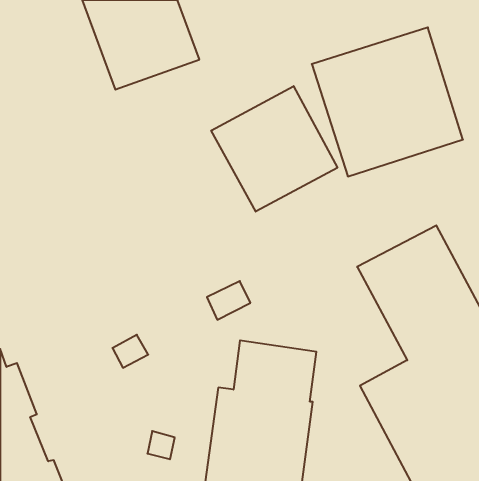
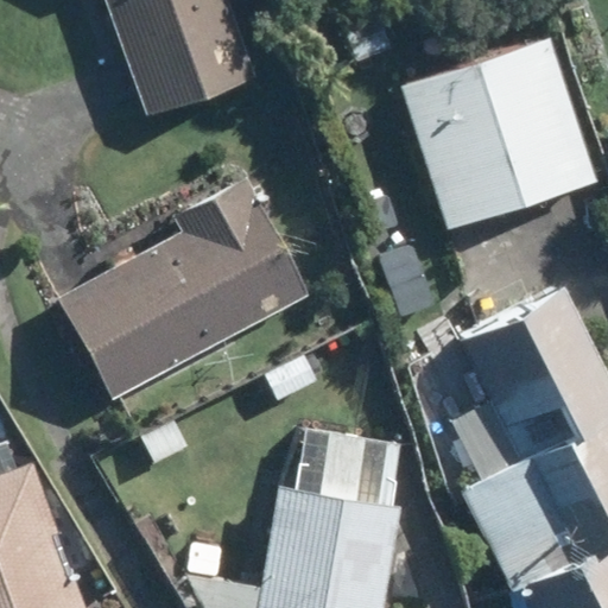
building: [211,86,337,212] -> none
building: none -> [63,179,310,399]

